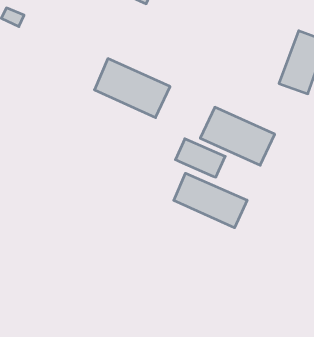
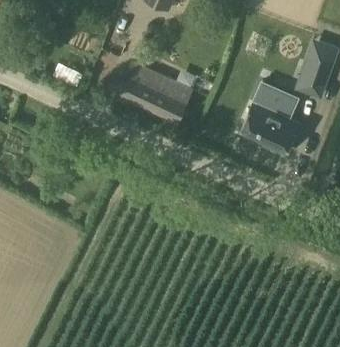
building: [175,139,225,177] -> [252,81,300,118]
building: [174,173,247,228] -> none

